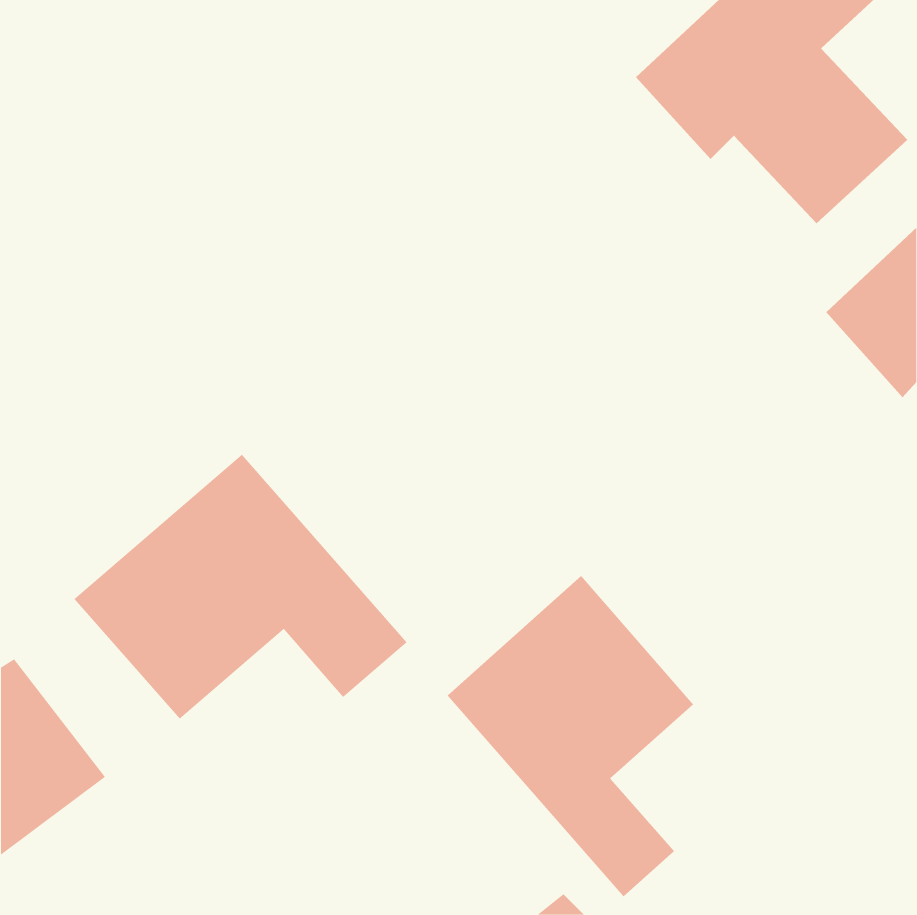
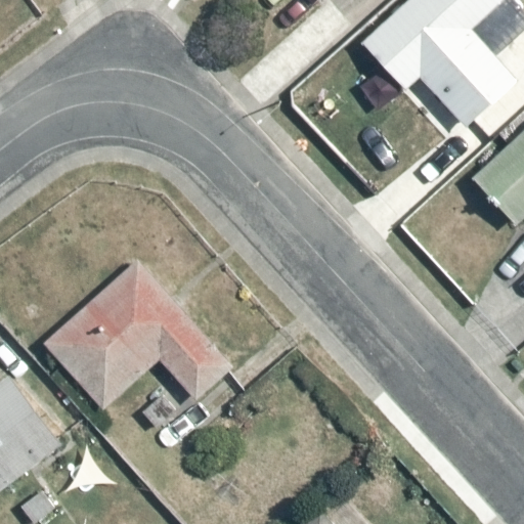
building: [447,575,694,897] -> none

